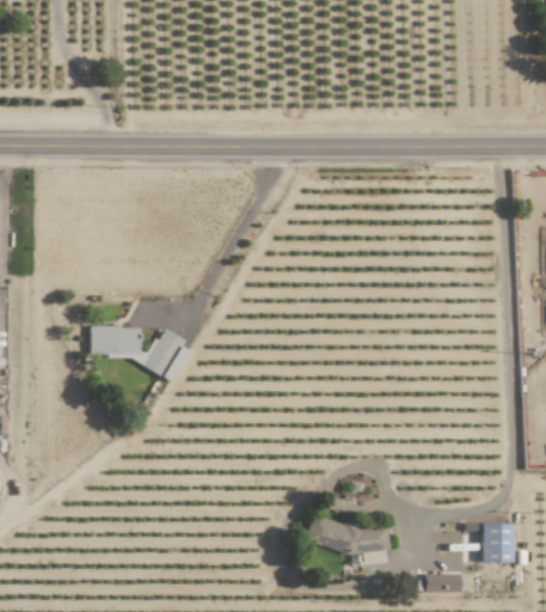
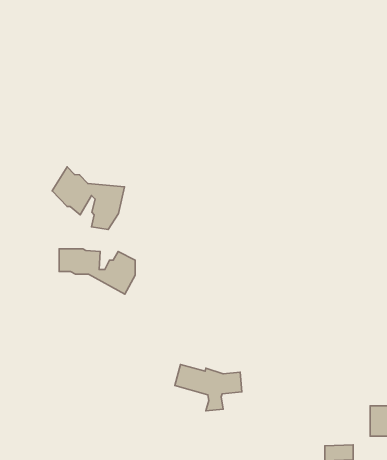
building: none -> [52,167,124,229]
building: [306,515,391,574] -> [175,365,242,411]

